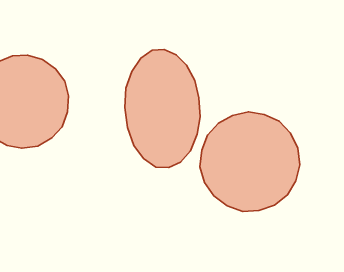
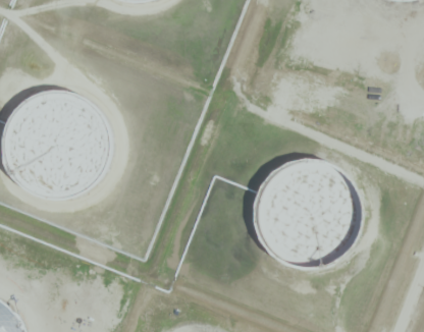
building: [125,50,200,168] -> none

